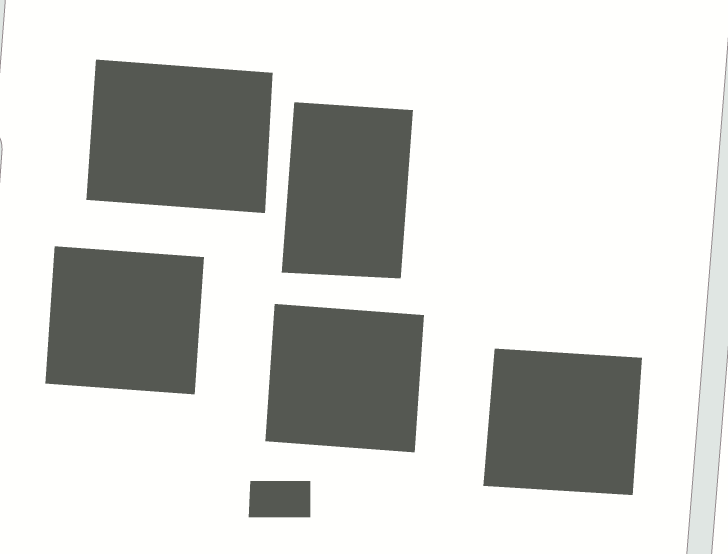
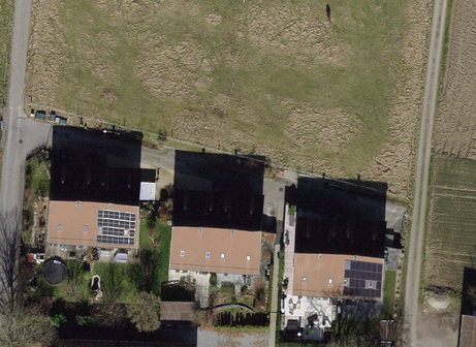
building: [86,59,273,214] -> none
building: [281,101,414,279] -> none

